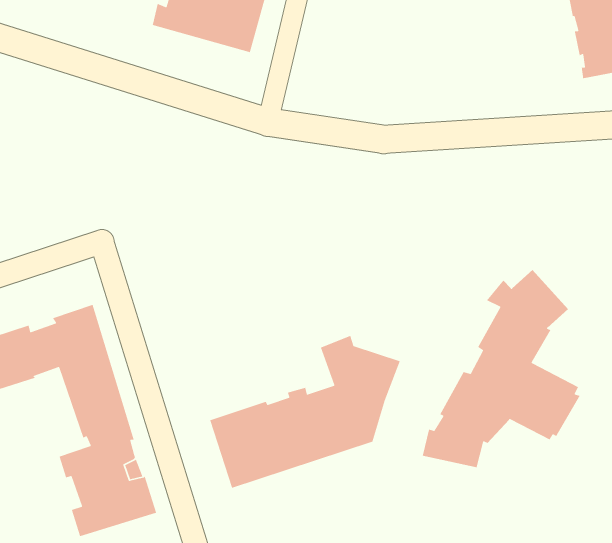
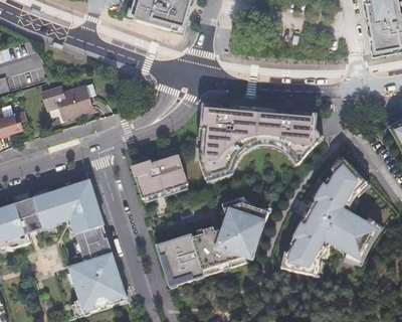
building: none -> [42,82,96,118]
building: none -> [197,104,322,179]
building: none -> [131,152,186,197]

